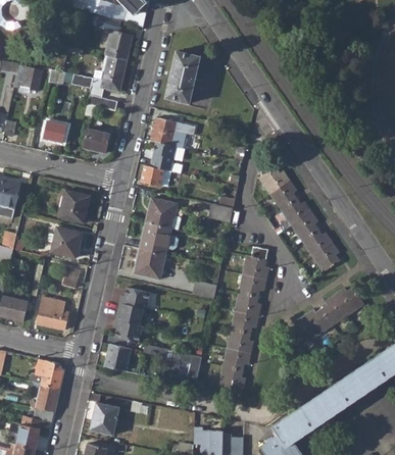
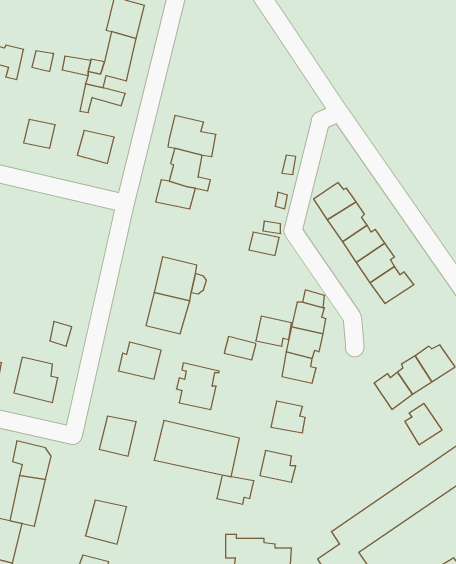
building: [166,51,201,103] -> none
building: [60,190,91,223] -> none
building: [147,198,179,229] -> none
building: [52,227,82,258] -> none
building: [312,243,341,273] -> none
building: [109,307,141,342] -> [176,363,219,410]
building: [232,311,258,334] -> [256,316,292,346]
building: [290,316,317,347] -> [405,404,442,445]
building: [224,349,251,370] -> [217,475,254,504]

